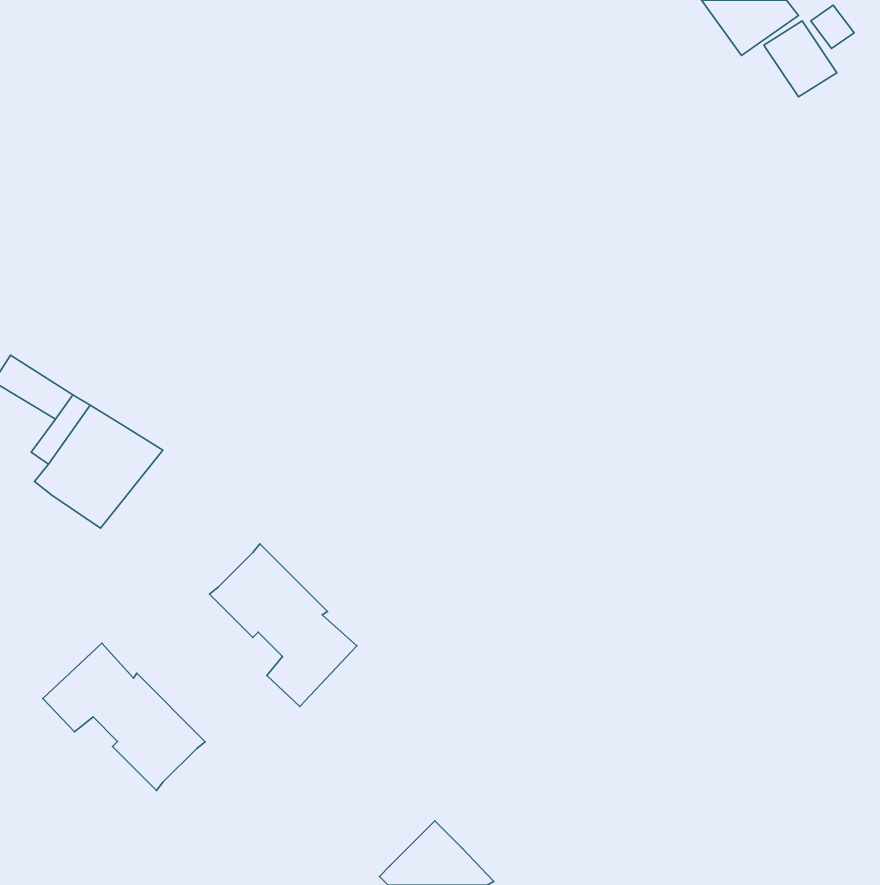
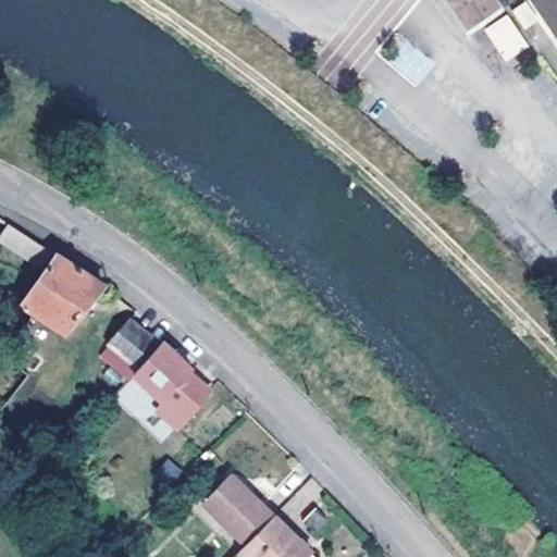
building: none -> [109,319,159,369]
building: [43,643,205,790] -> none
building: none -> [201,473,273,544]

